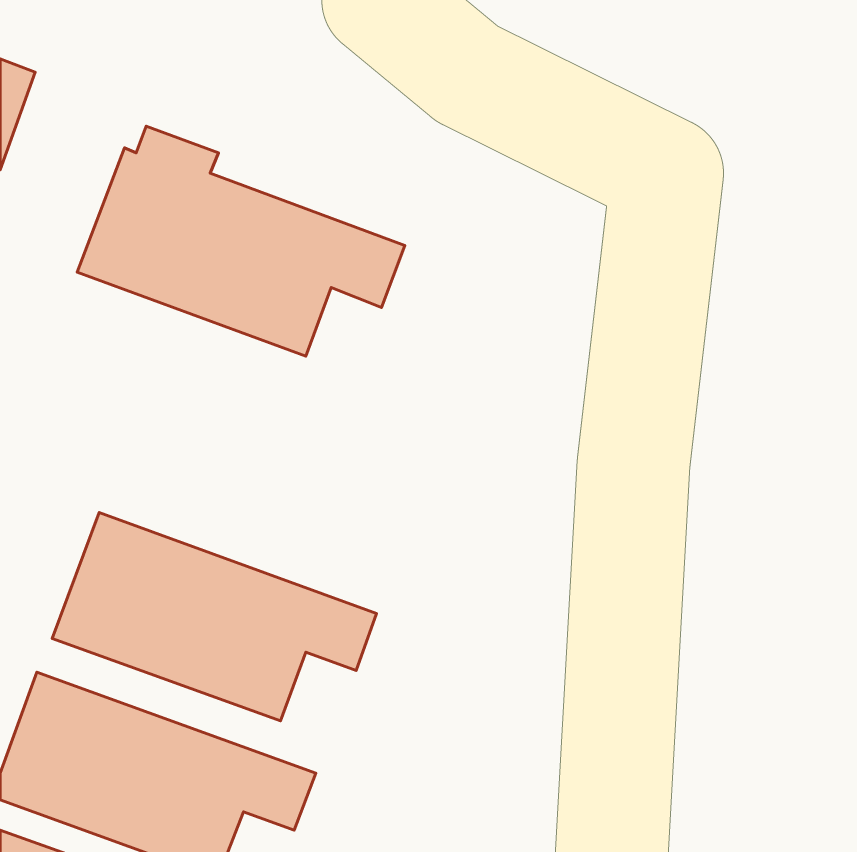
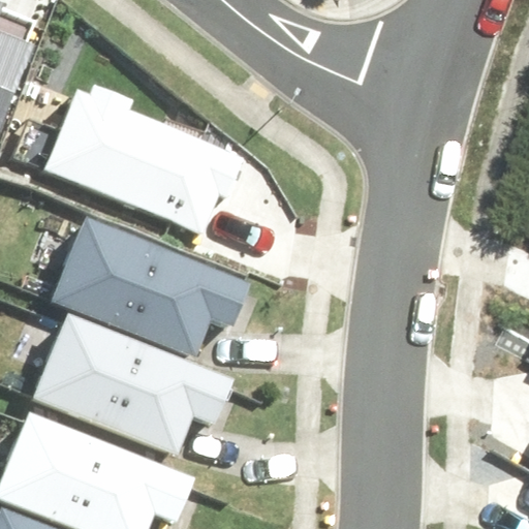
building: none -> [52,228,251,356]

